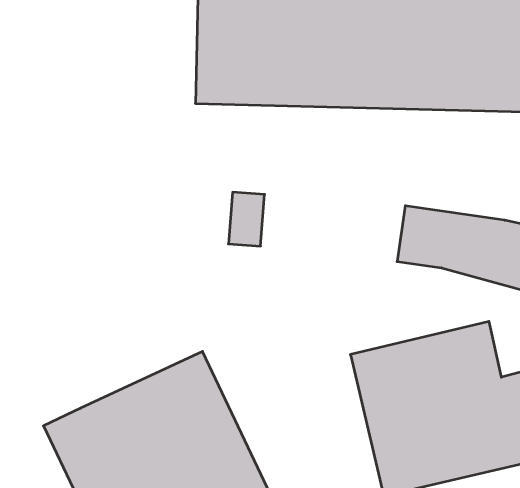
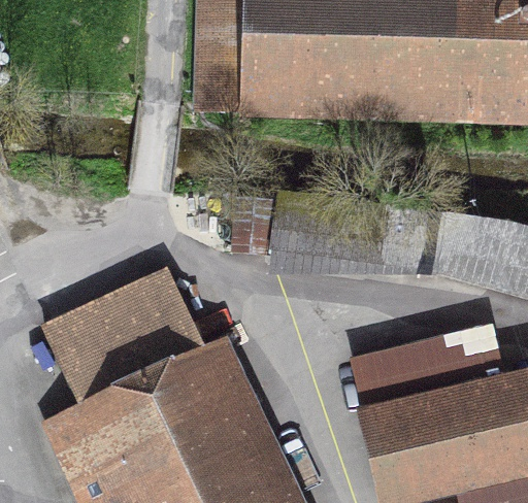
building: none -> [48,275,209,415]

